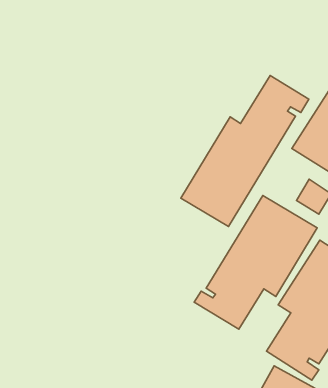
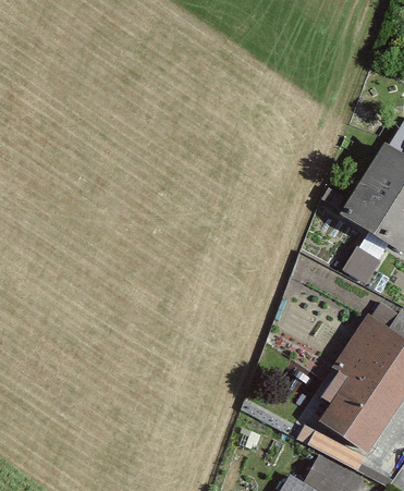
building: [181,76,309,226] -> none
building: [194,195,317,329] -> none

